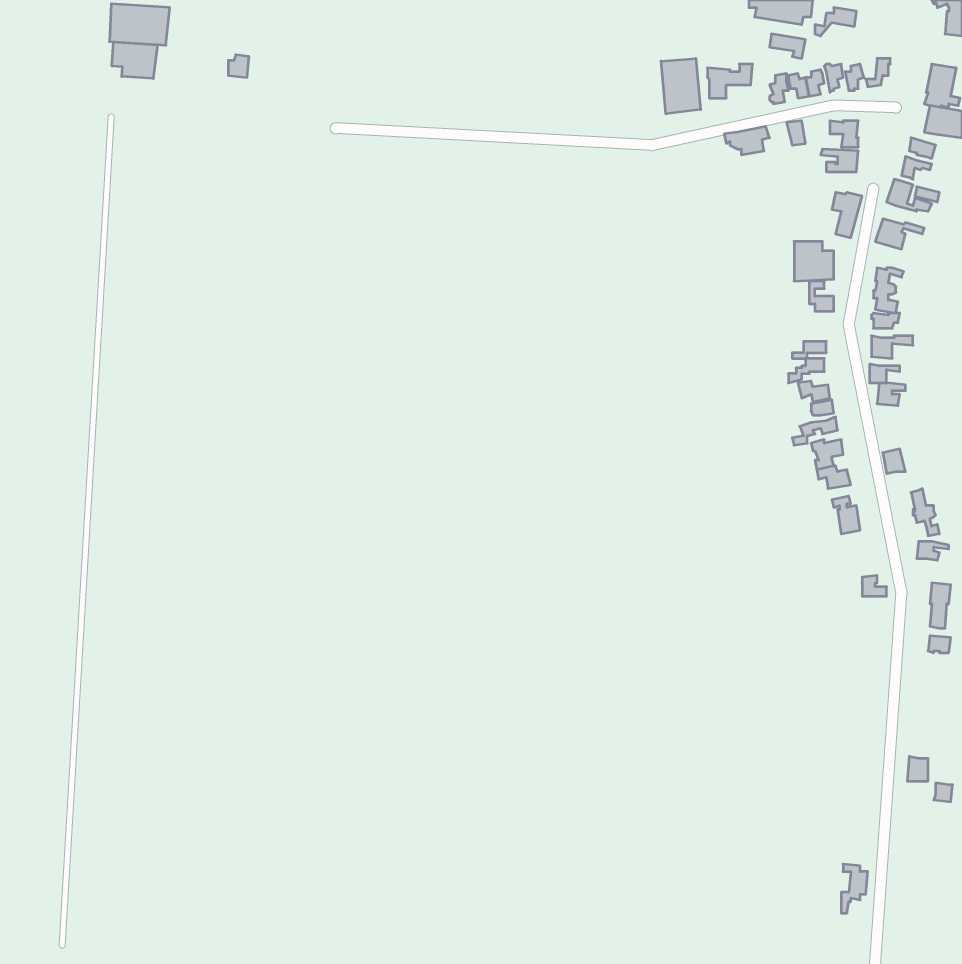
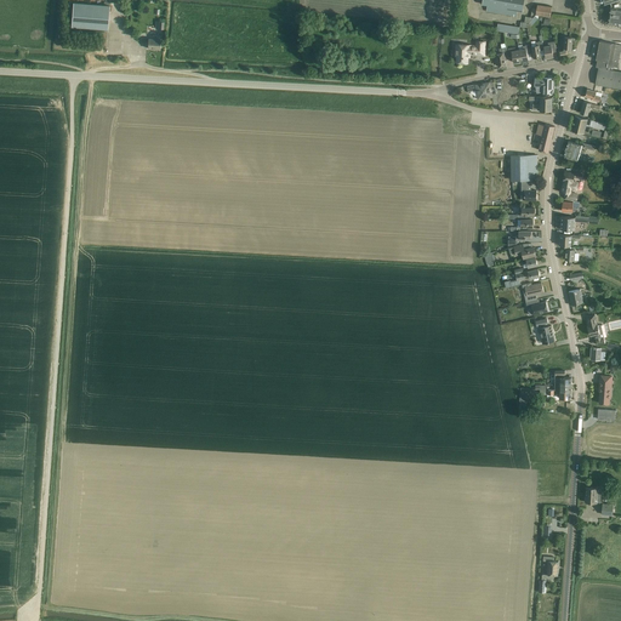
building: [112,42,158,79] -> none
building: [661,58,701,114] -> none

